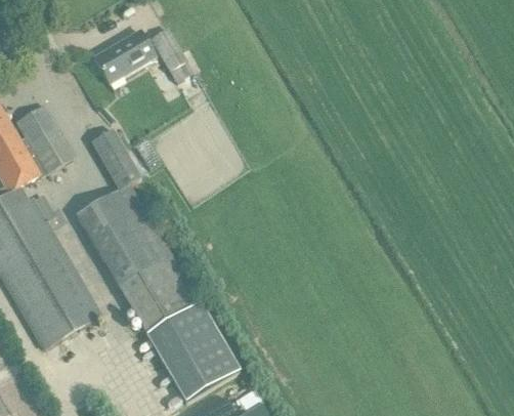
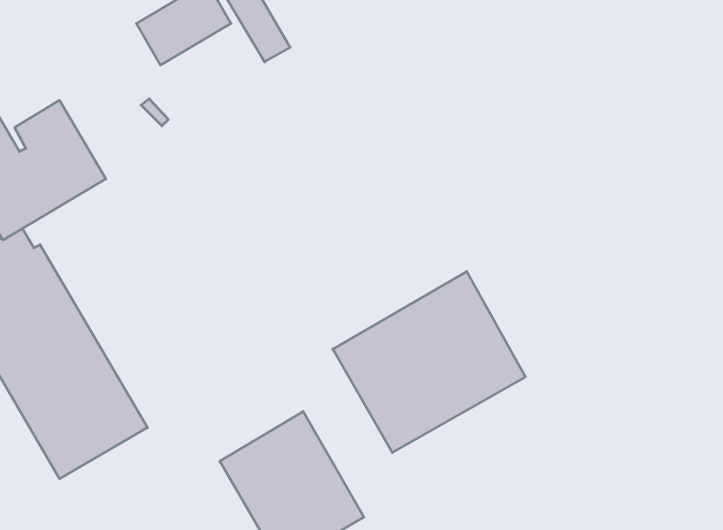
building: [77,129,201,335] -> none
building: none -> [333,271,525,453]

